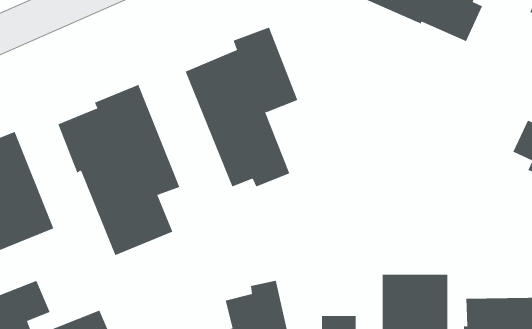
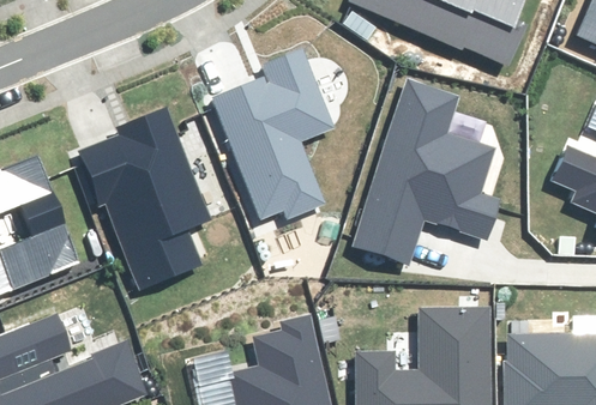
building: none -> [353,80,500,261]

